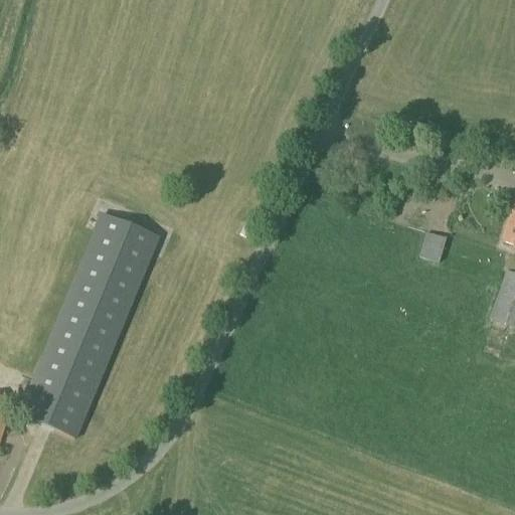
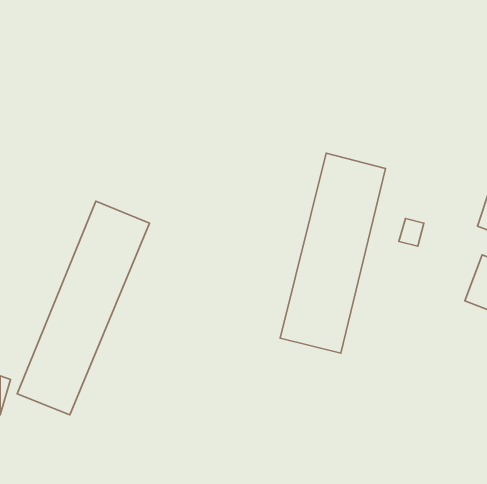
building: none -> [280,153,386,353]

